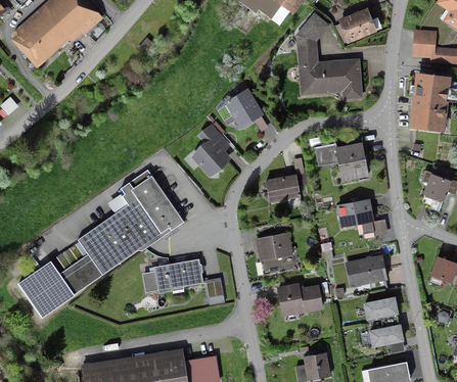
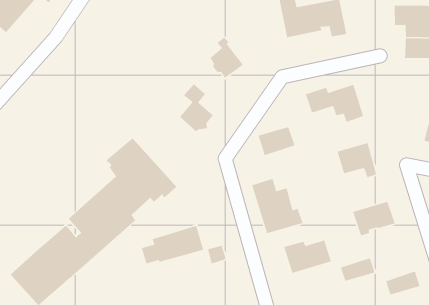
building: [364,297,397,318] -> [340,257,375,282]

